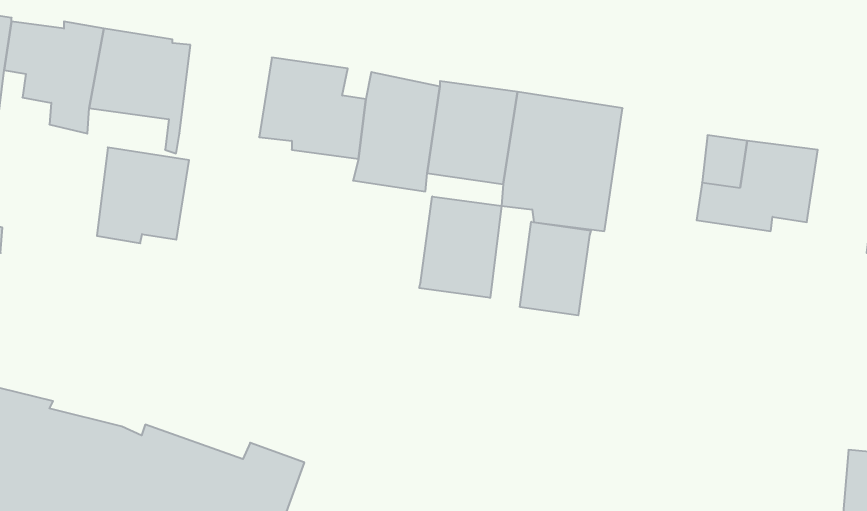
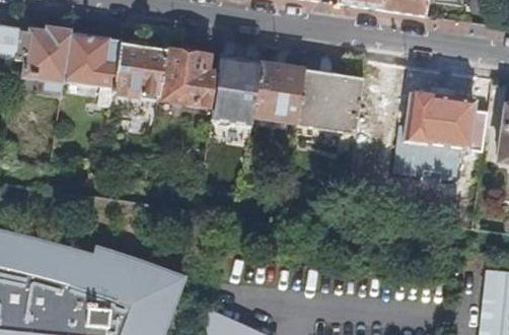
building: [97,147,189,243] -> [114,43,165,96]
building: [419,196,501,298] -> none
building: [520,222,591,315] -> none

